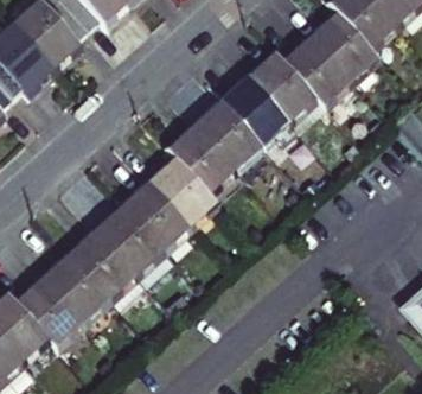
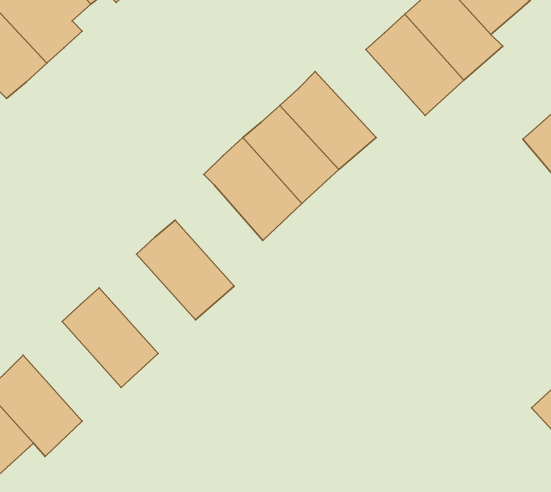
building: [247,52,315,122] -> none
building: [148,155,217,227] -> none
building: [95,204,162,274] -> none
building: [41,252,110,322] -> none

